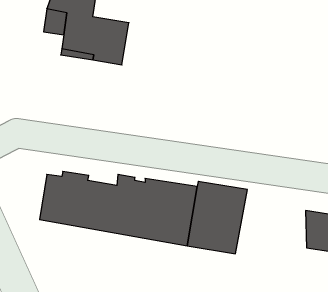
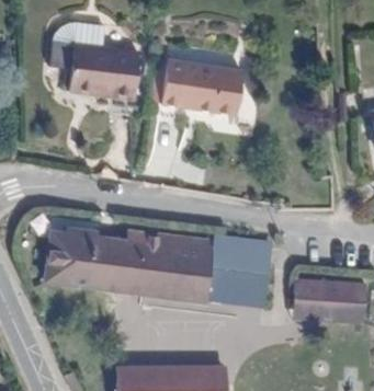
building: none -> [149,64,238,122]
building: none -> [295,261,341,308]

